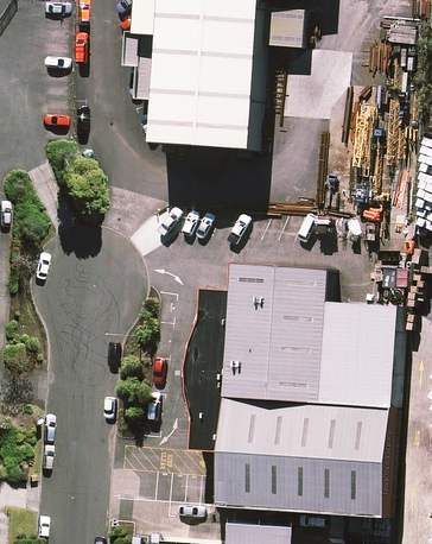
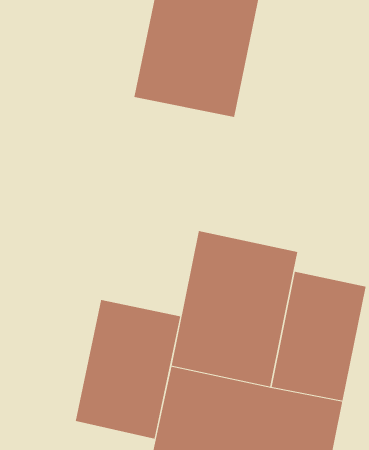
building: none -> [75,299,181,439]

